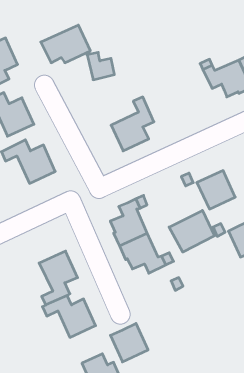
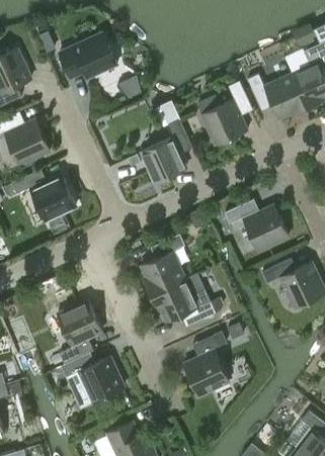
building: none -> [195,81,251,146]
building: [169,210,215,252] -> none
building: [110,323,148,362] -> [183,350,228,395]

